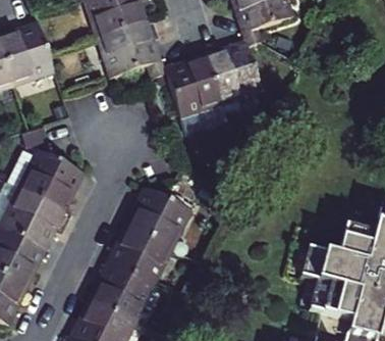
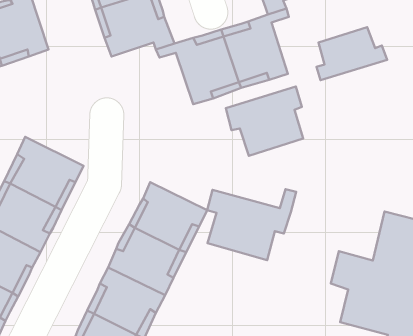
building: none -> [316,27,387,80]
building: none -> [226,86,303,156]
building: none -> [207,189,296,260]

